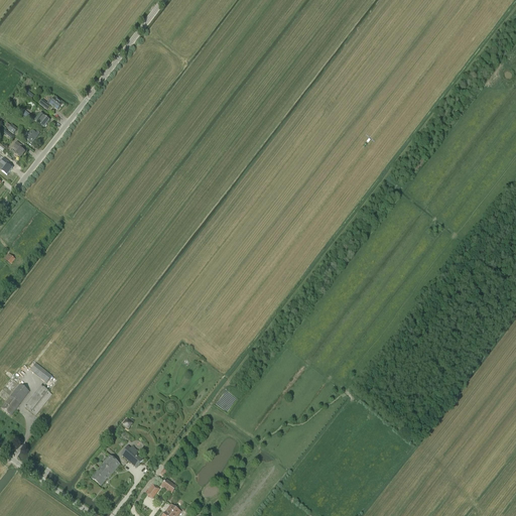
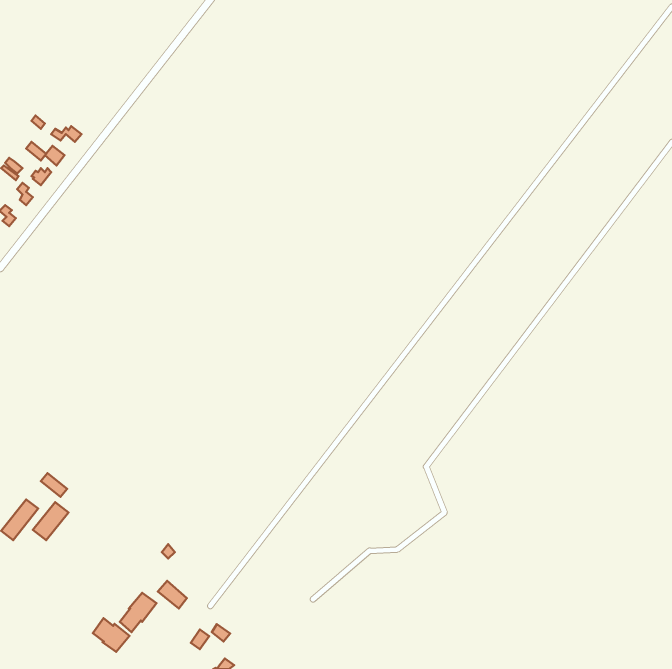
building: none -> [93,618,130,652]

